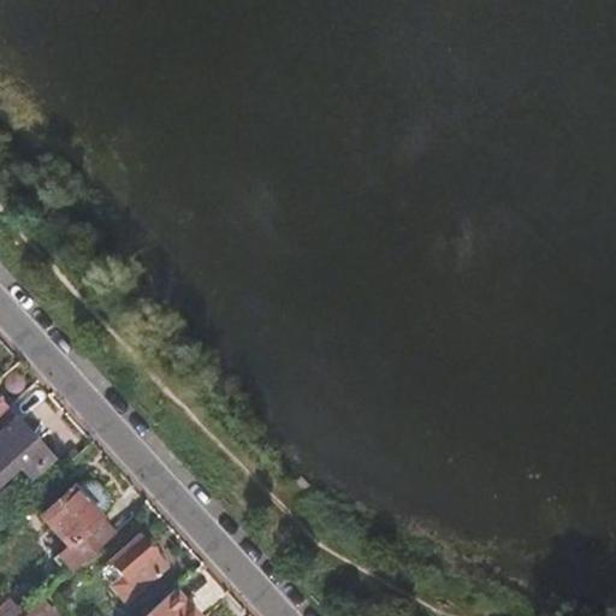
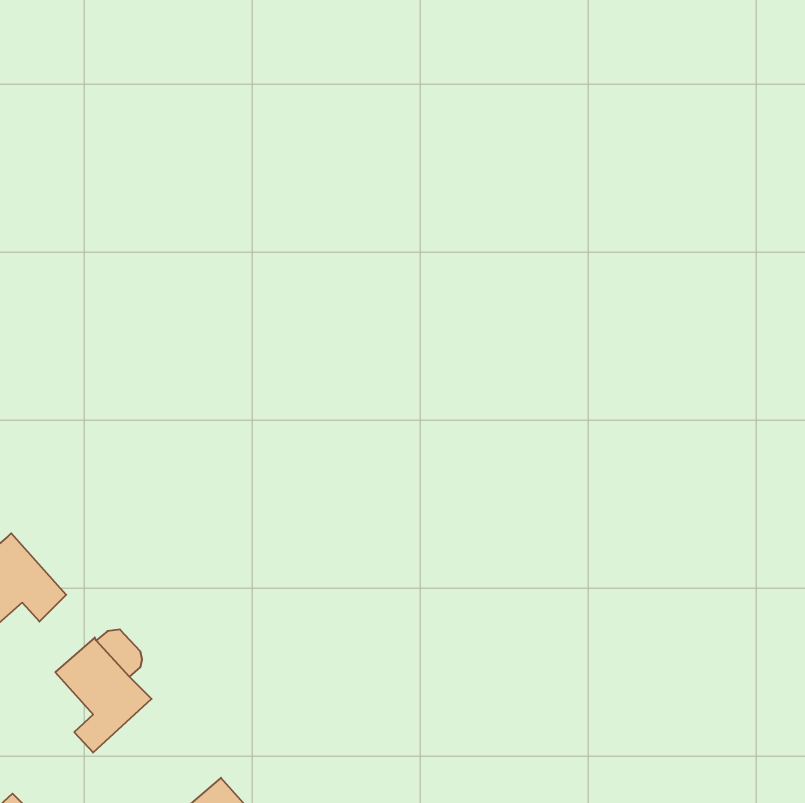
building: [112,538,165,592] -> none

